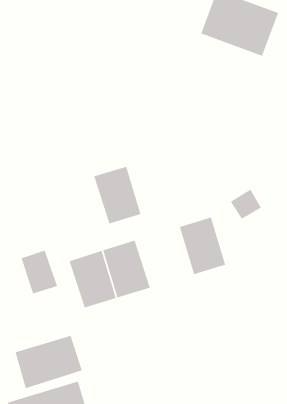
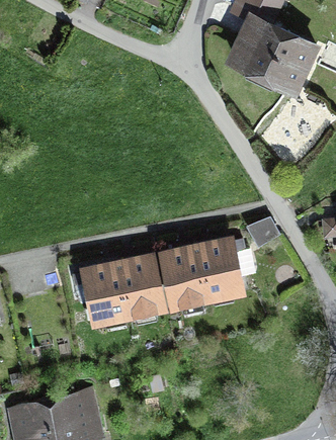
building: [93,166,141,224] -> [162,249,206,305]
building: [21,249,58,295] -> none
building: [14,335,83,389] -> none

